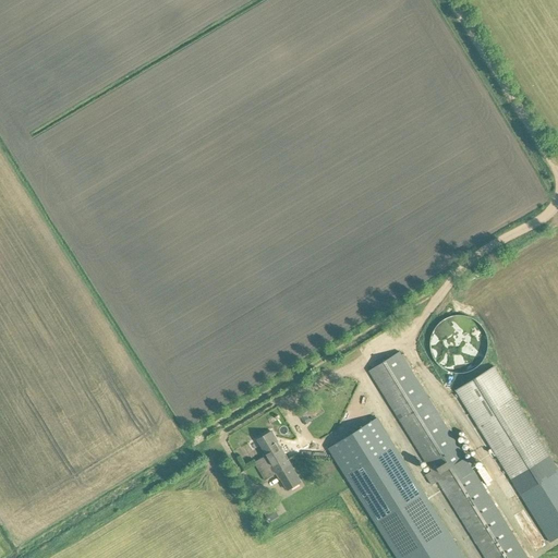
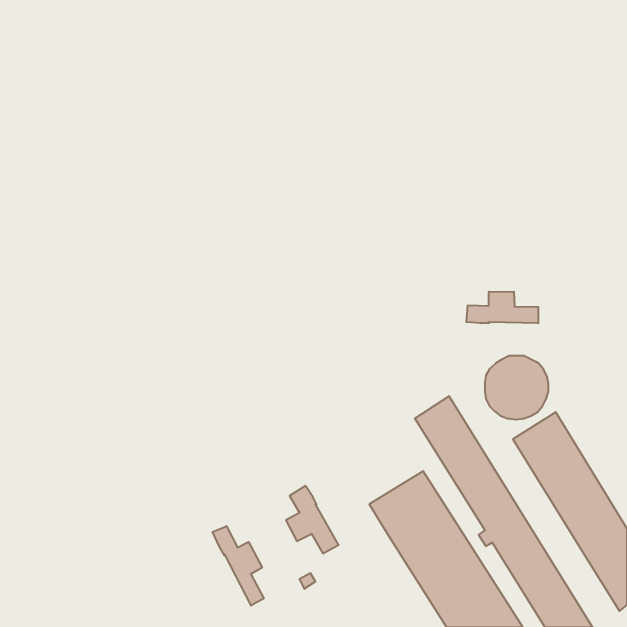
building: none -> [467,292,538,323]
building: none -> [213,526,264,606]

